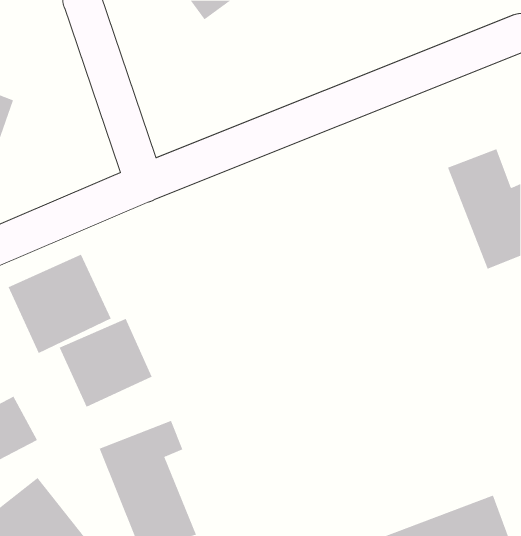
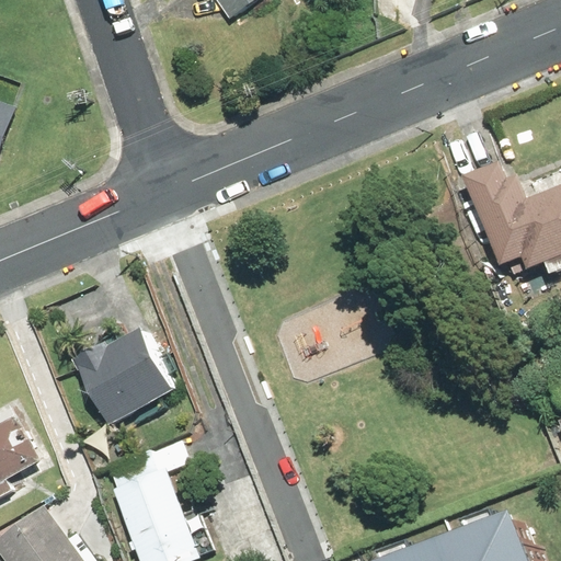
building: [8,254,112,354] -> none

